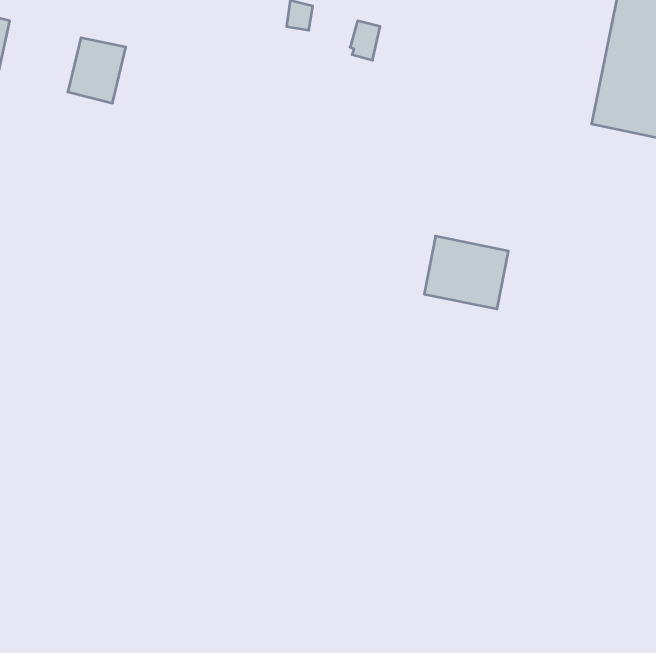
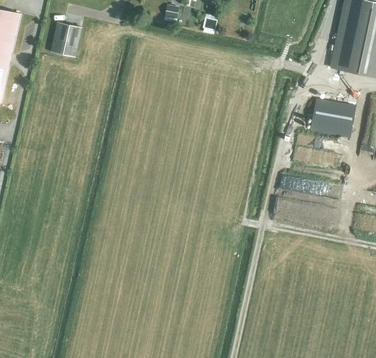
building: [424,236,508,309] -> [310,97,355,136]

